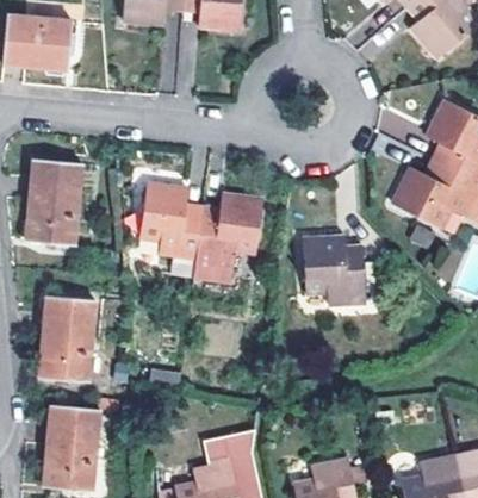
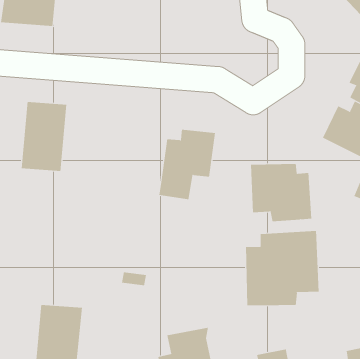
building: [139,183,203,259] -> none
building: [39,297,95,384] -> none
building: none -> [246,230,319,306]

